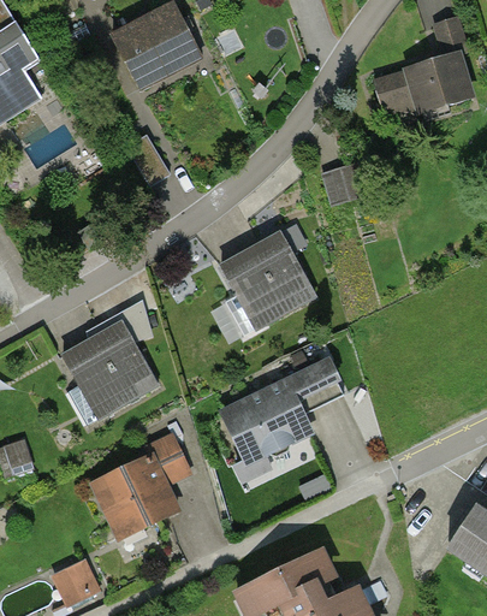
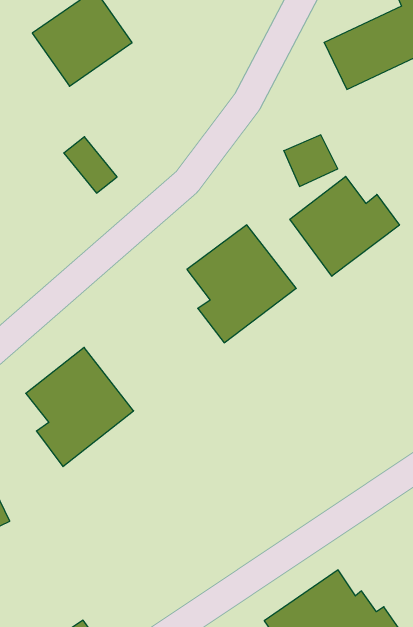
building: none -> [290,176,399,276]
building: [221,359,345,480] -> none
building: [95,432,188,534] -> none

